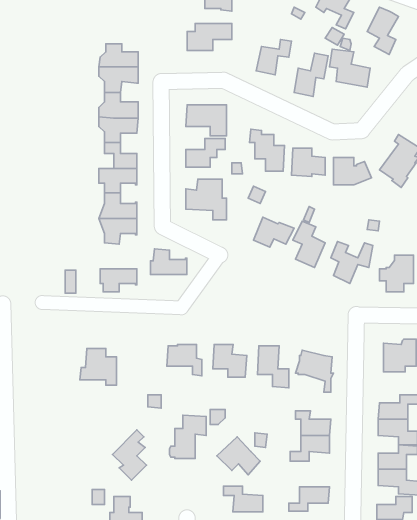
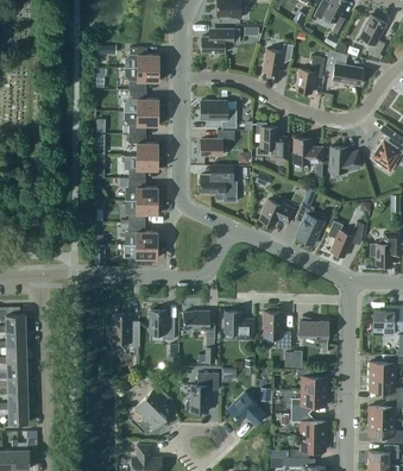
building: [150,249,187,274] -> [125,222,157,245]
building: none -> [149,310,174,340]
building: [223,486,263,512] -> [291,414,326,437]

